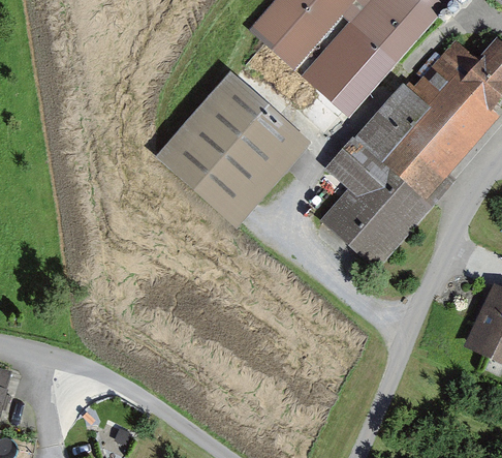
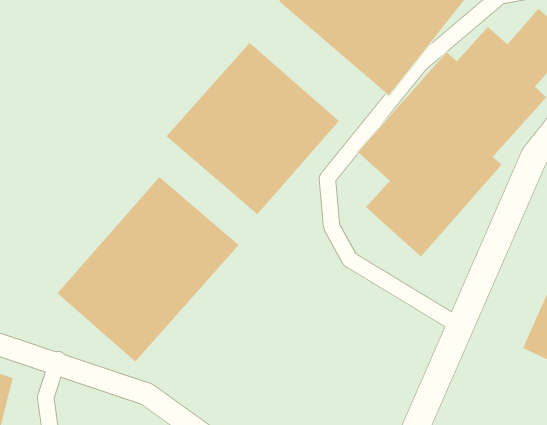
building: none -> [56,176,240,363]

